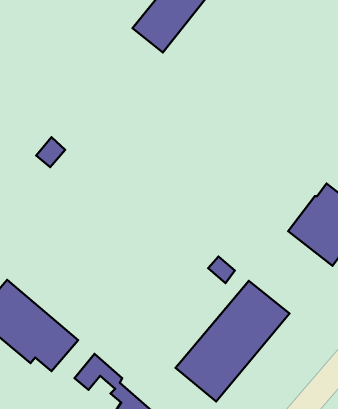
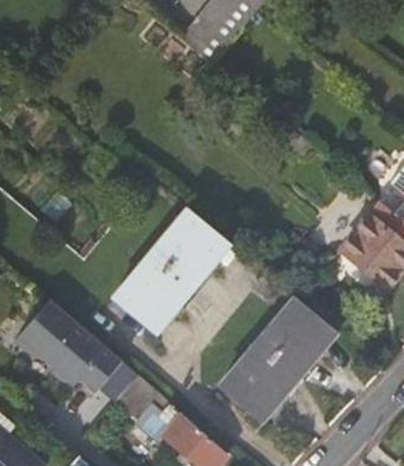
building: none -> [114,210,229,335]

